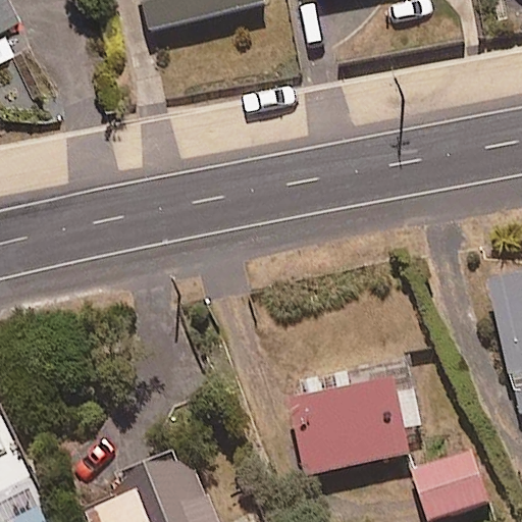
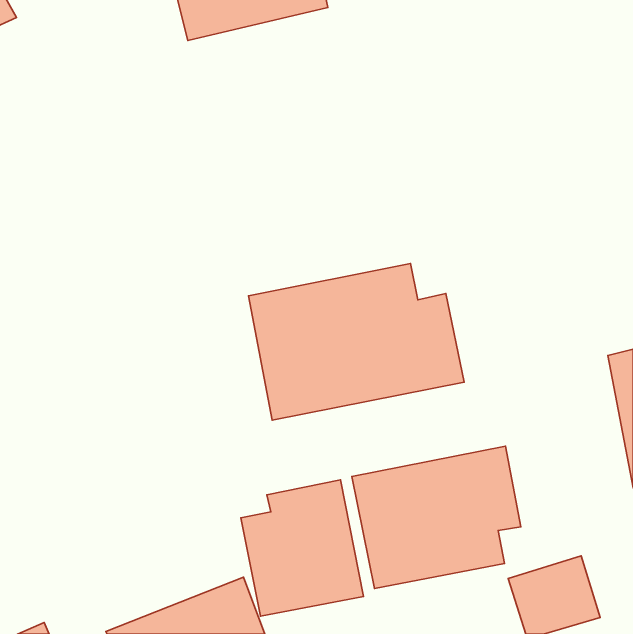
building: none -> [249,264,464,420]
building: none -> [241,480,363,616]

